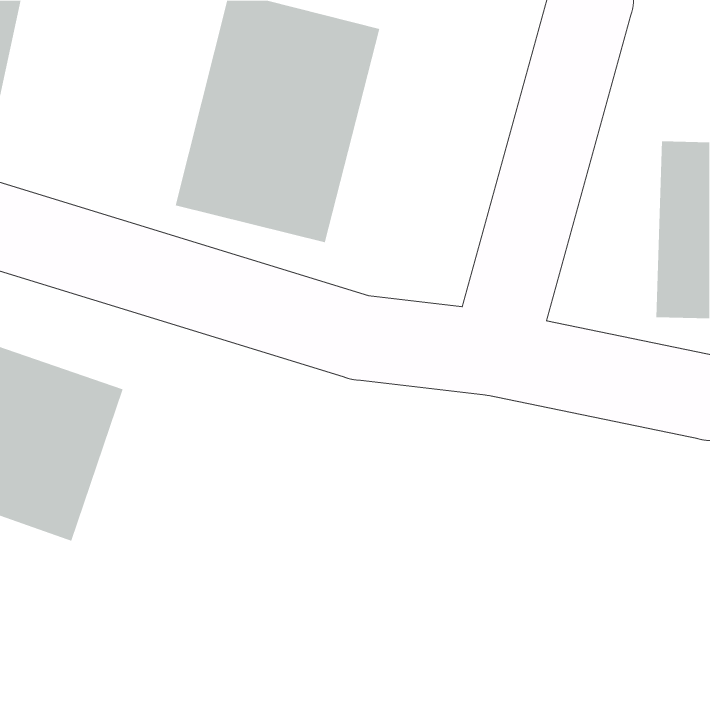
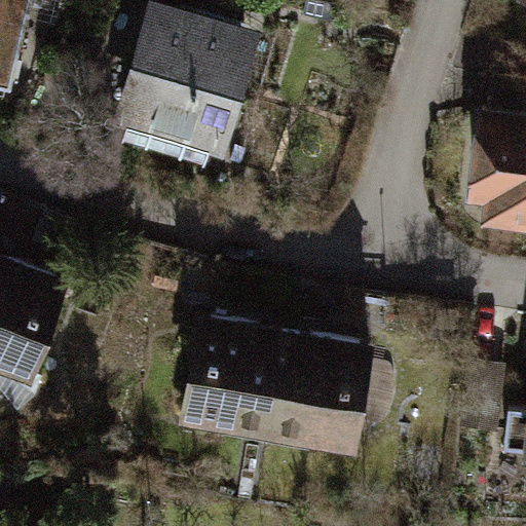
building: none -> [183,315,384,458]

